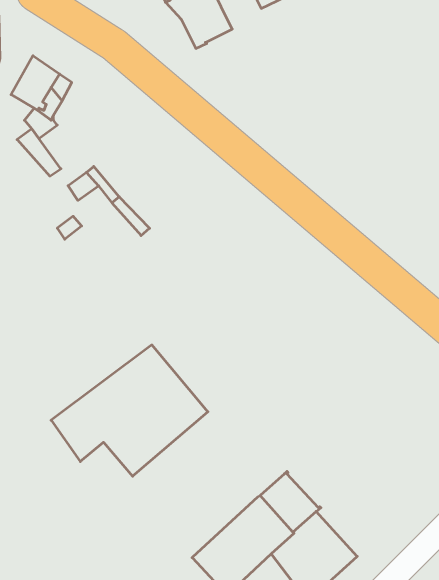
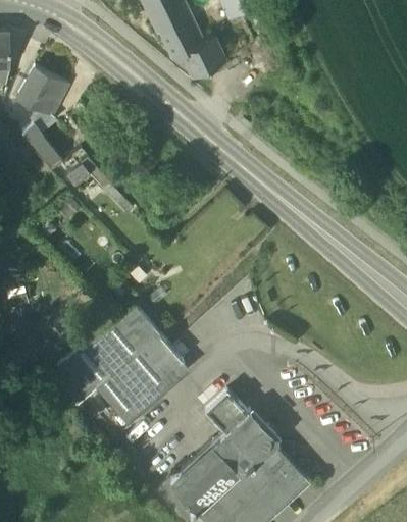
building: none -> [182,38,224,77]
building: none -> [205,392,248,434]

